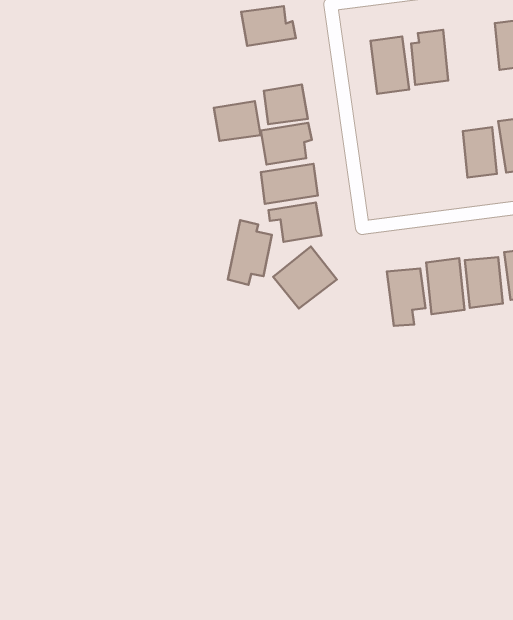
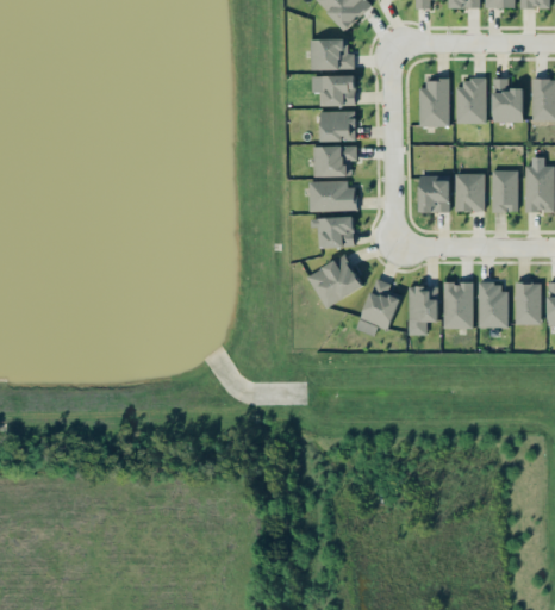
building: none -> [493,79,523,123]
building: [214,101,261,141] -> [318,75,356,106]
building: none -> [455,174,485,211]
building: none -> [419,176,450,213]
building: [228,220,272,285] -> [357,279,401,337]

